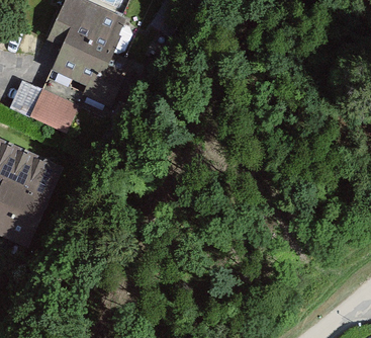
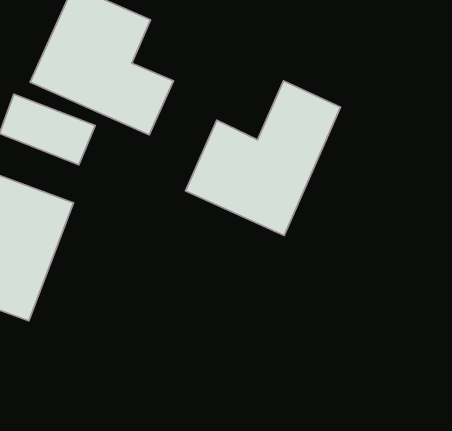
building: none -> [185,81,340,236]

